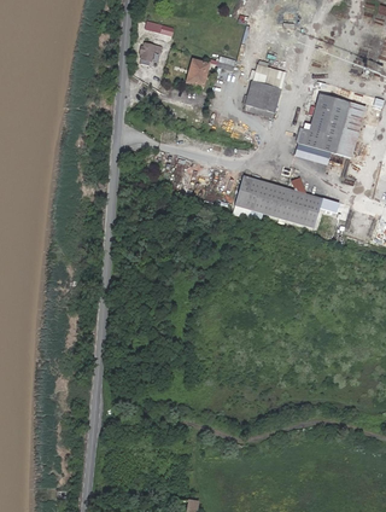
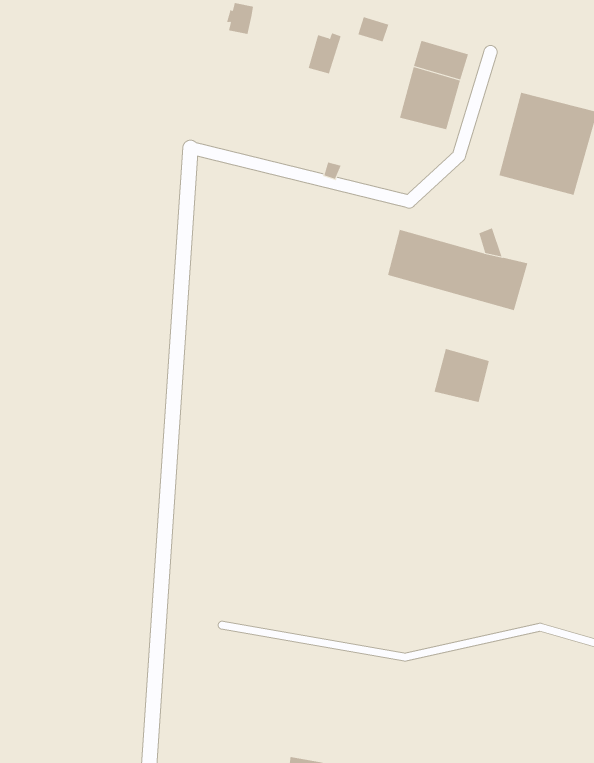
building: none -> [434,348,489,403]

